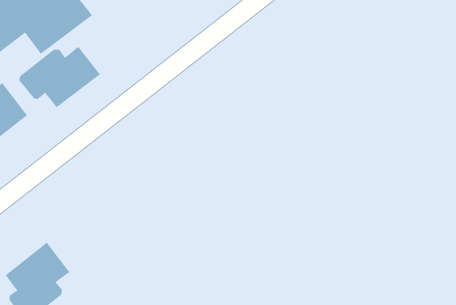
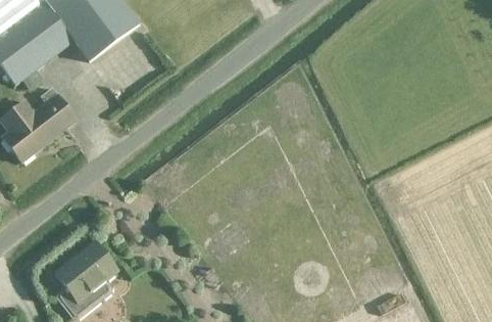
building: [19,46,101,109] -> none

